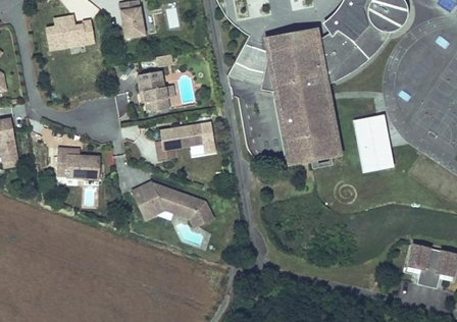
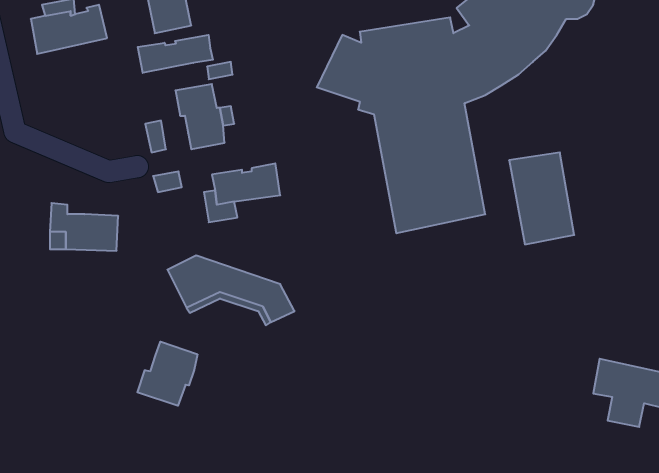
building: none -> [138,35,213,73]
building: none -> [137,342,197,406]

